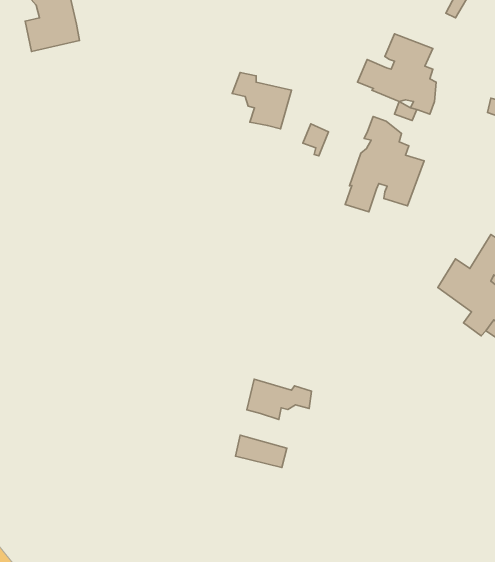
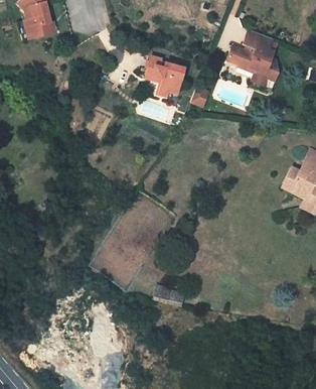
building: [345,116,424,212] -> none
building: [247,379,311,420] -> none

